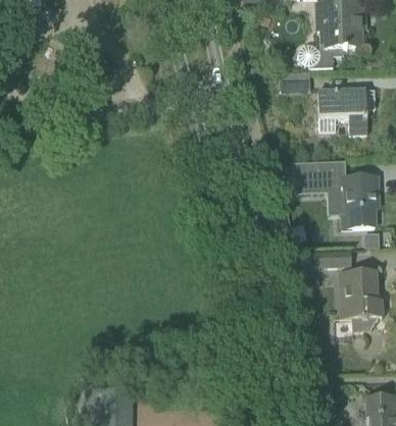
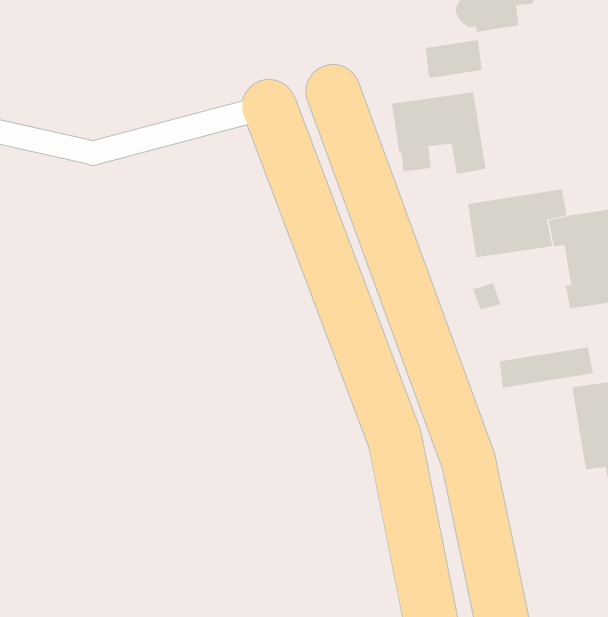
building: [317,89,366,134] -> [391,92,487,174]

